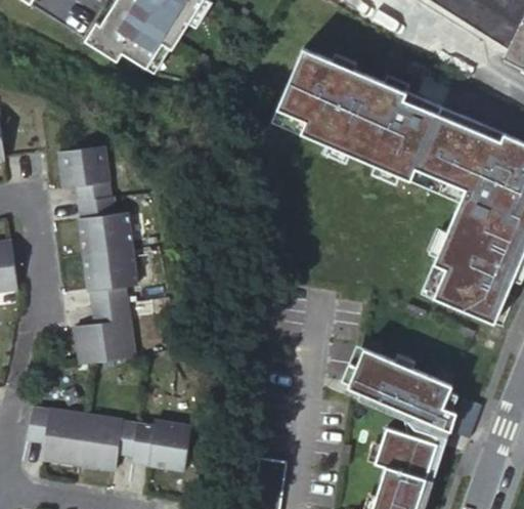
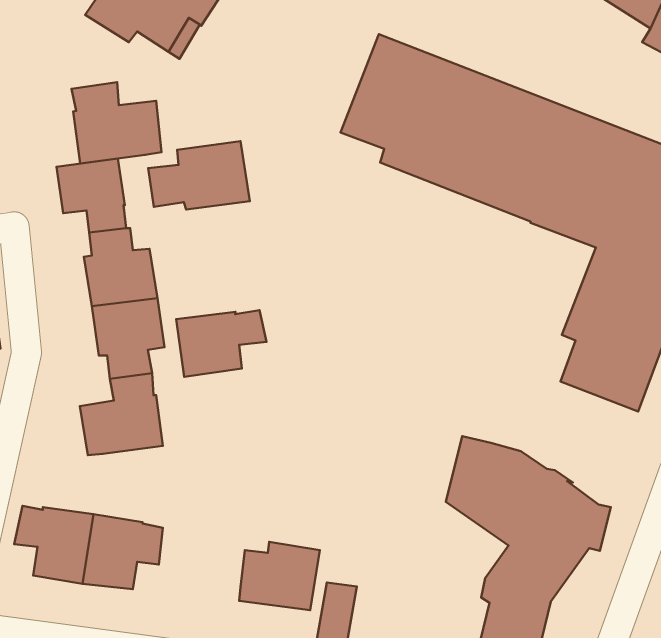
building: none -> [71,82,161,164]
building: none -> [148,141,250,210]
building: none -> [176,310,266,377]
building: [134,414,194,465] -> [239,542,320,610]

